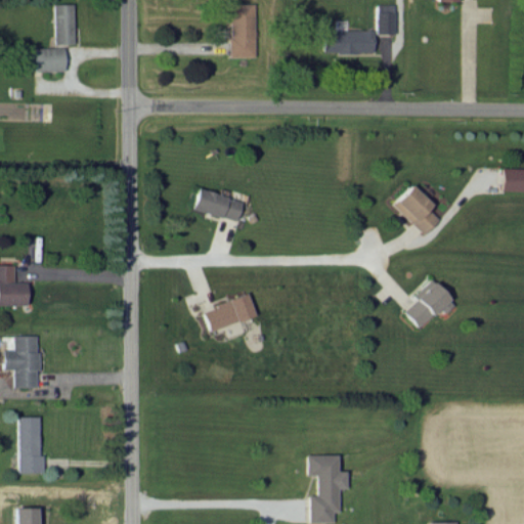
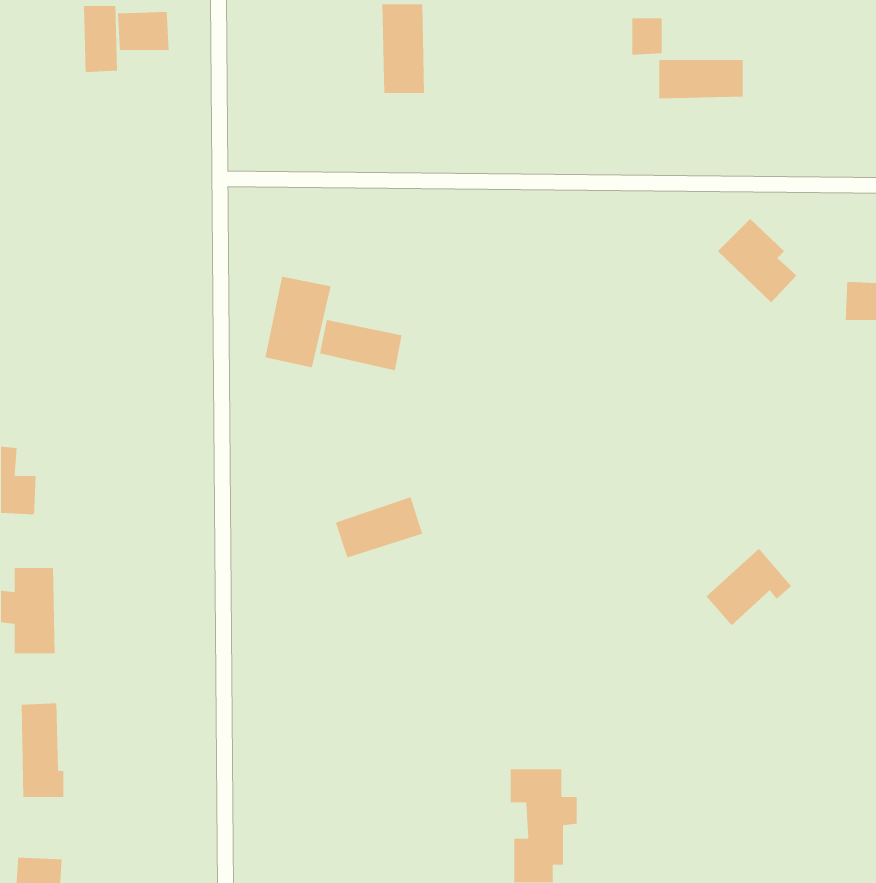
building: [325,31,376,54] -> [659,59,744,99]
building: [36,48,67,72] -> [117,11,169,51]
building: none -> [265,276,331,368]
building: [394,185,441,235] -> [717,218,797,303]
building: [404,282,455,329] -> [705,548,792,626]

